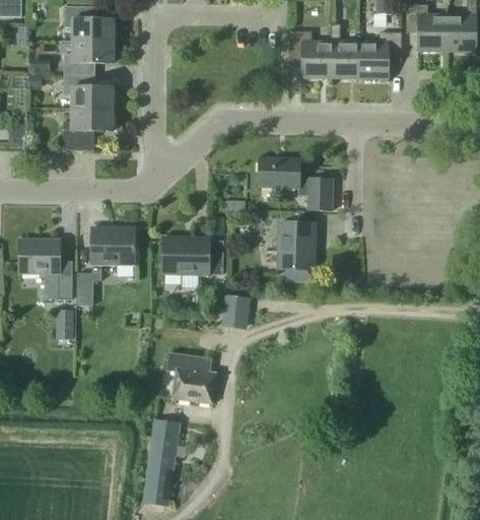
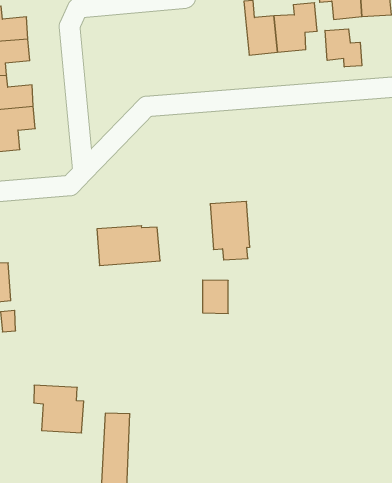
building: [289,31,331,78] -> none
building: none -> [325,29,362,67]
building: [259,157,333,211] -> none
building: [76,228,134,306] -> none
building: [221,295,250,330] -> [203,280,228,313]
building: [166,352,216,404] -> [34,385,84,433]

